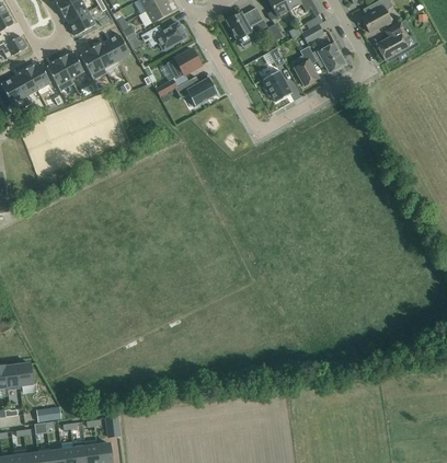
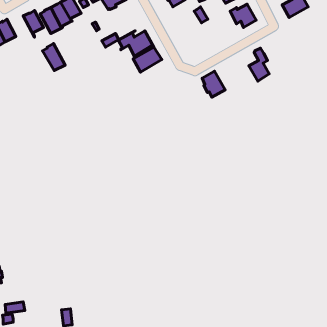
building: [294,45,319,85] -> [249,48,269,81]
building: [167,48,202,79] -> [133,47,162,72]
building: [46,57,73,90] -> [43,44,65,70]
building: [263,69,291,101] -> [202,71,225,97]

